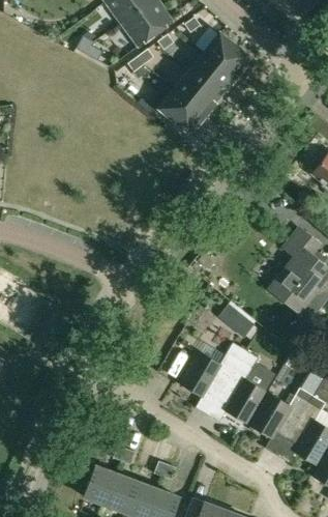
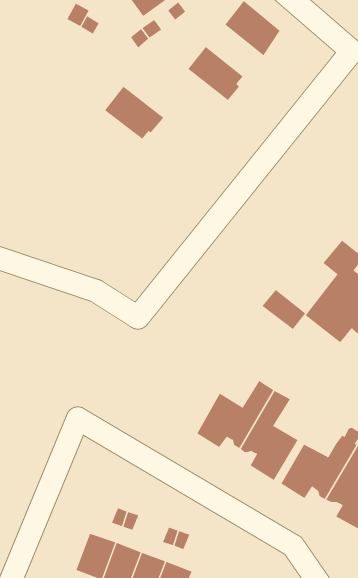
building: [189,53,237,95] -> none
building: [159,89,208,133] -> [104,86,164,139]
building: [218,305,255,338] -> [261,289,306,330]

